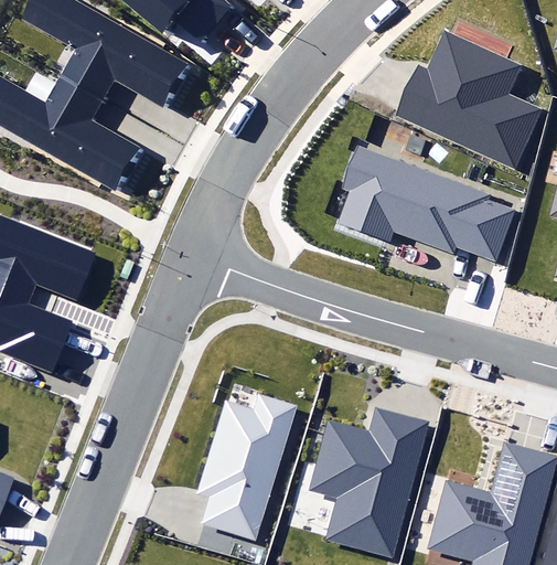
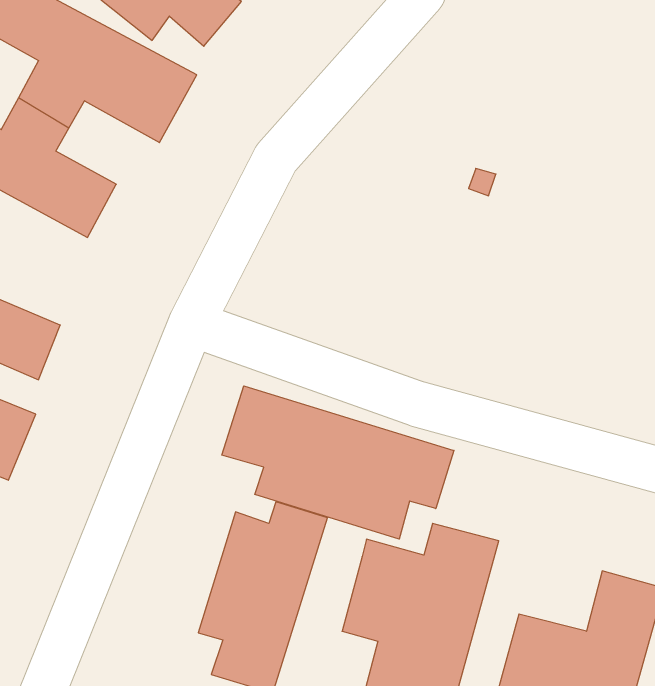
building: [394,30,543,170] -> none
building: [341,143,515,260] -> none
building: none -> [222,386,454,539]

